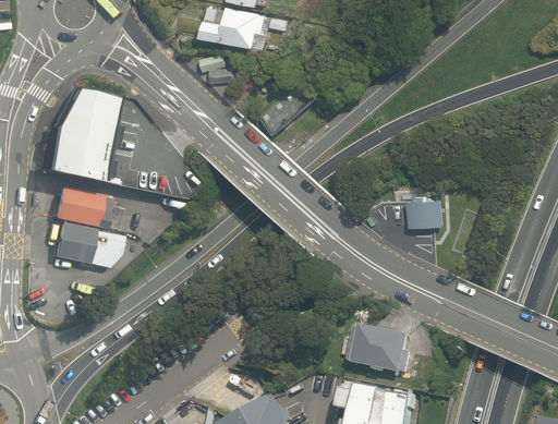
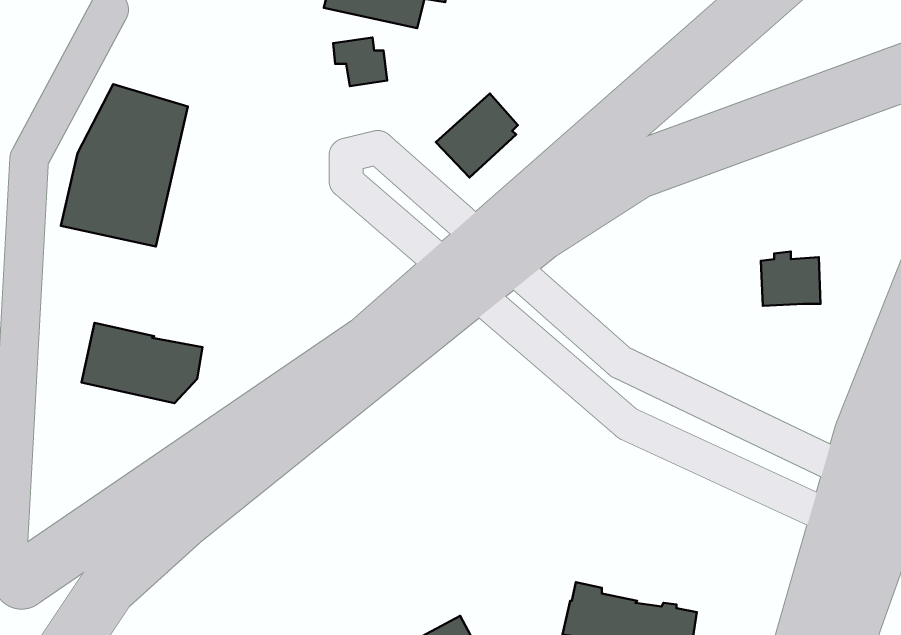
building: [52,186,111,230] -> none
building: [409,196,444,228] -> [761,252,821,306]
building: [341,325,410,373] -> none

